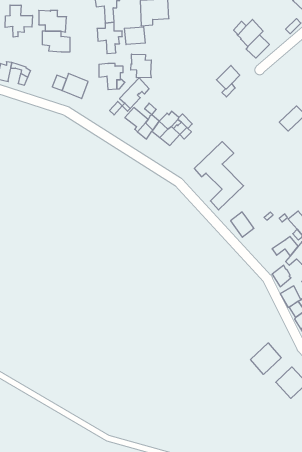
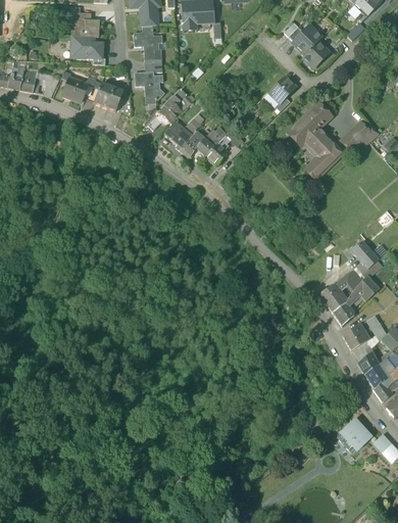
building: [5,5,32,37] -> none
building: [124,27,145,45] -> none
building: [131,54,151,78] -> none
building: none -> [63,79,88,104]
building: [194,142,244,210] -> [287,101,343,179]
building: [231,212,254,237] -> [319,283,346,312]
building: [251,343,281,374] -> none

